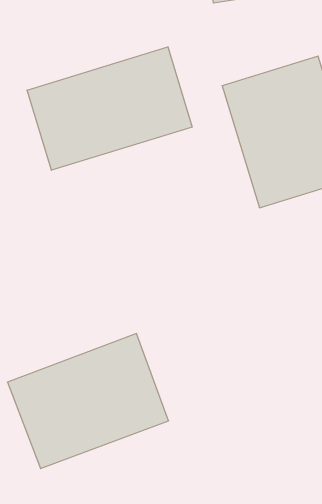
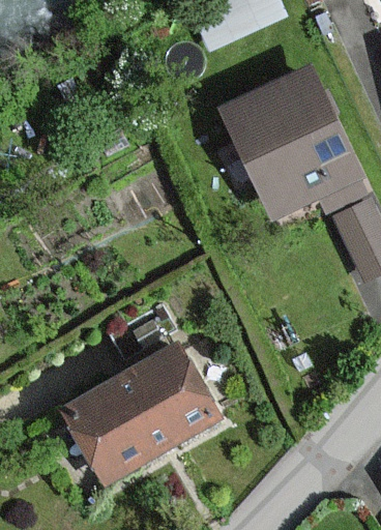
building: [27,47,192,170] -> none

